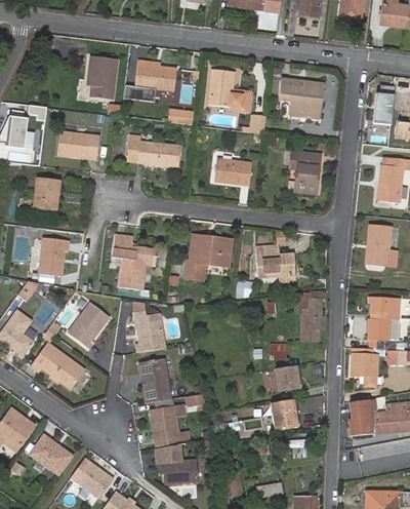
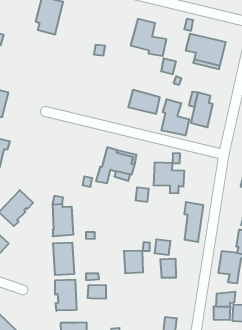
building: [134,58,176,90] -> none
building: [56,131,100,160] -> none
building: [129,141,181,168] -> none
building: none -> [162,99,189,136]
building: [112,233,159,289] -> none
building: [272,398,299,429] -> [124,251,143,273]
building: [155,443,179,462] -> [87,285,106,298]

